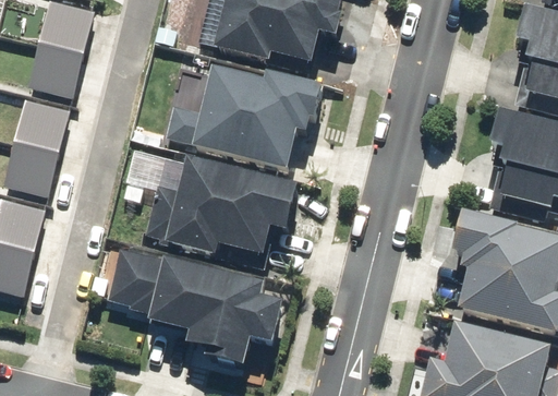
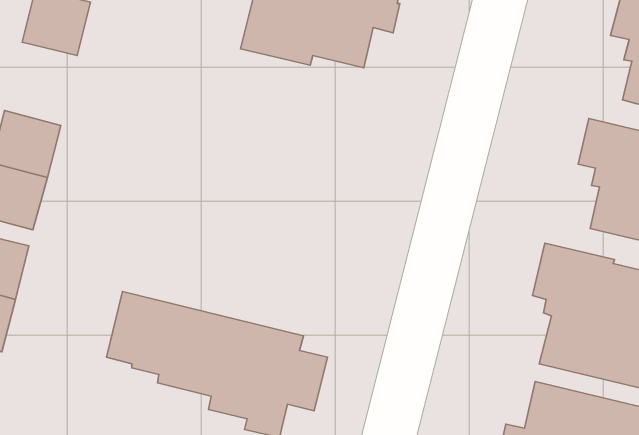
building: [27,43,83,97] -> none
building: [163,65,326,169] -> none
building: [145,156,302,255] -> none

